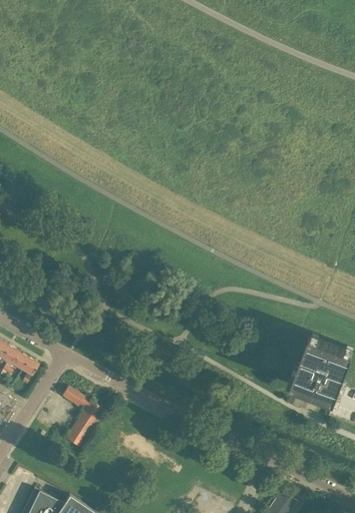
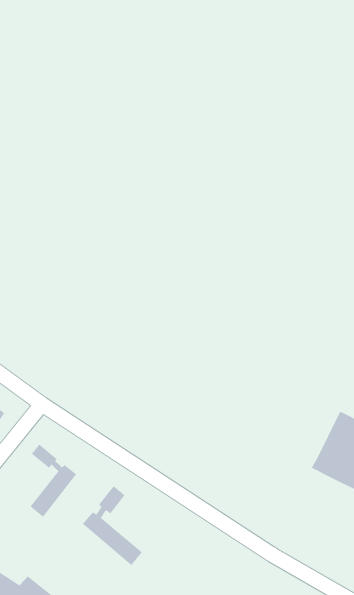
building: none -> [82,485,143,566]

